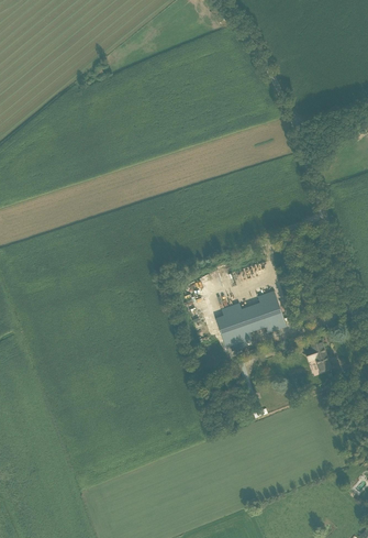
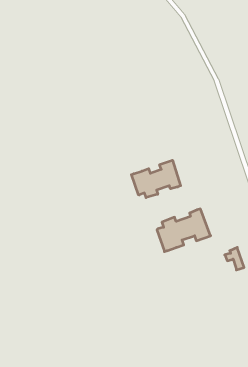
building: none -> [131,160,181,198]

